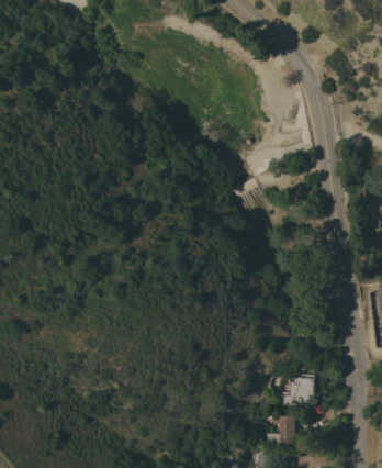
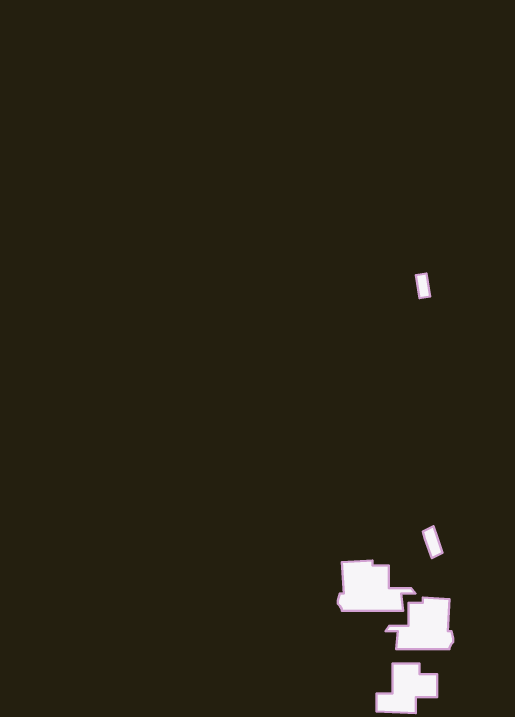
building: none -> [338,560,415,611]

